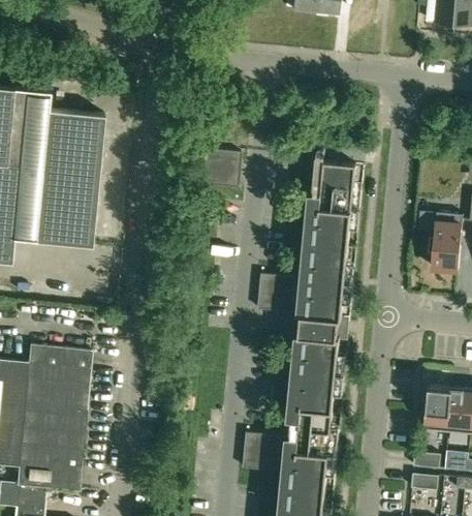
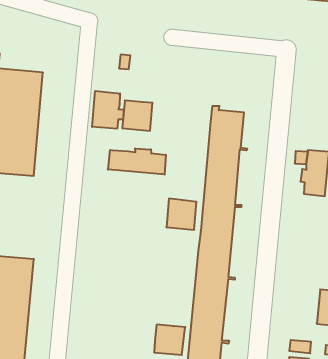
building: none -> [92,91,123,129]
building: none -> [108,148,166,175]
building: [423,387,450,432] -> none

